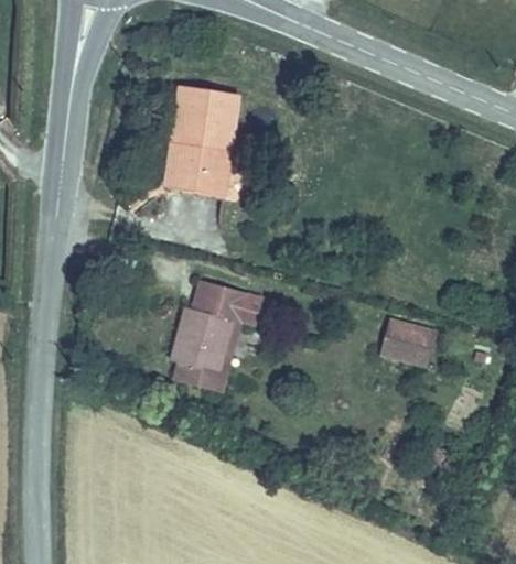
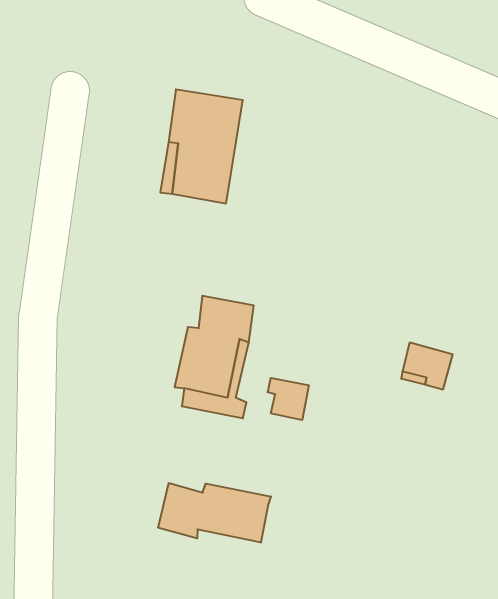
building: none -> [268,378,309,420]
building: none -> [158,483,271,543]

